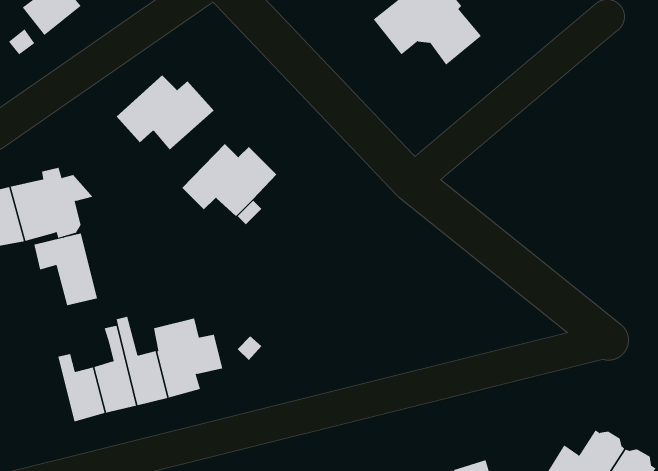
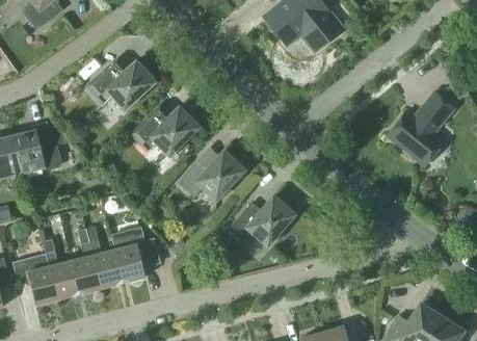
building: none -> [387,93,454,166]
building: none -> [178,151,244,201]
building: [34,233,98,306] -> [12,254,57,305]
building: none -> [229,196,294,246]

